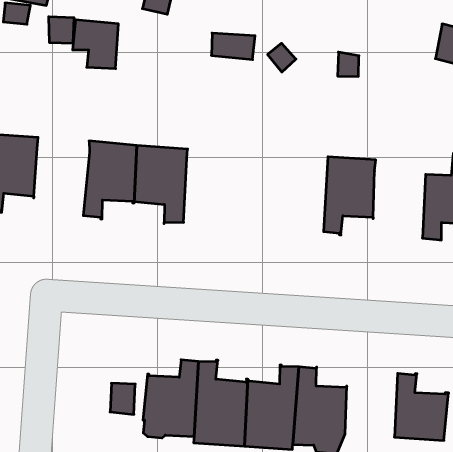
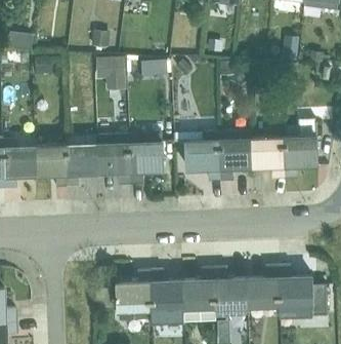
building: [73,20,118,69] -> [97,61,126,90]
building: none -> [34,144,68,187]
building: none -> [175,131,222,181]
building: none -> [130,141,164,184]
building: none -> [251,137,286,179]
building: none -> [247,266,281,308]

